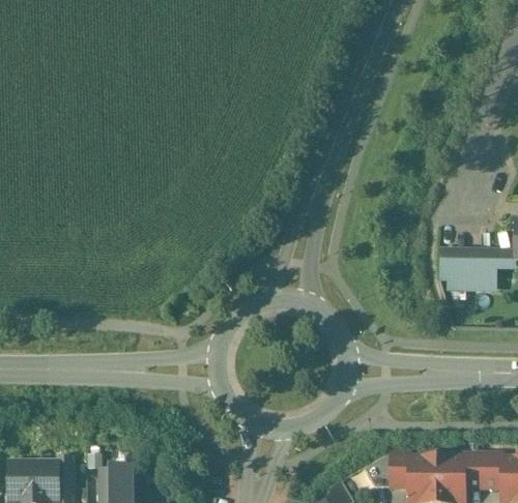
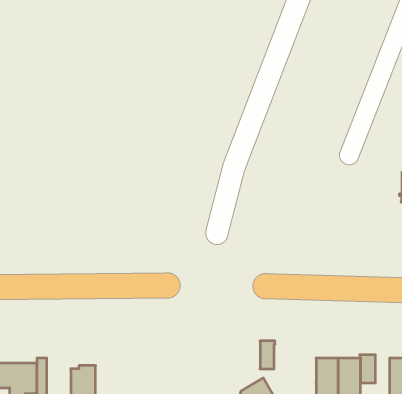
building: [439,248,494,287] -> none
building: [391,451,409,486] -> [260,341,275,369]
building: [483,451,502,486] -> none

